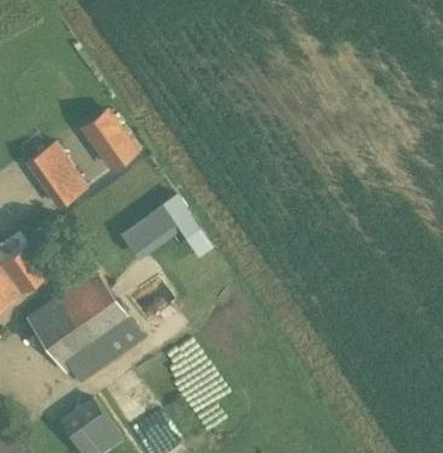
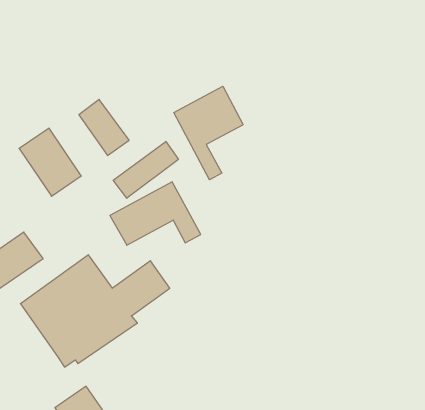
building: none -> [174,86,243,180]
building: none -> [113,141,178,198]

